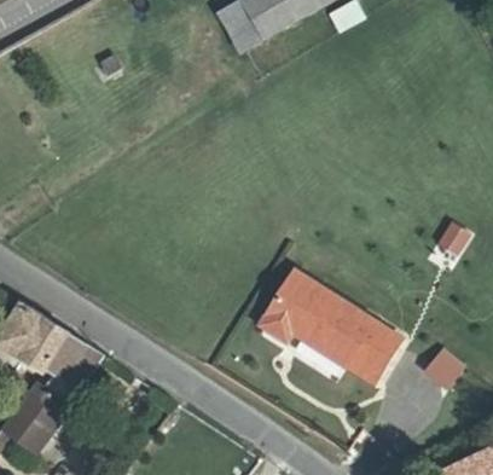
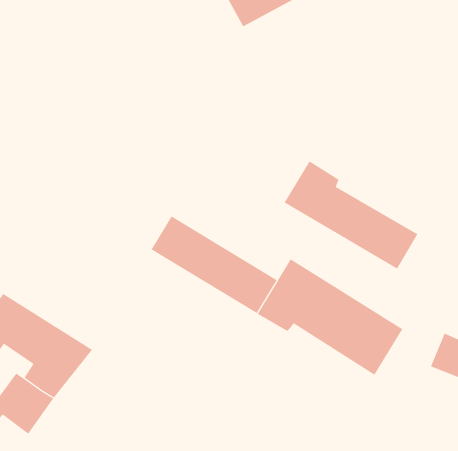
building: none -> [284,161,418,269]
building: none -> [151,216,277,314]

